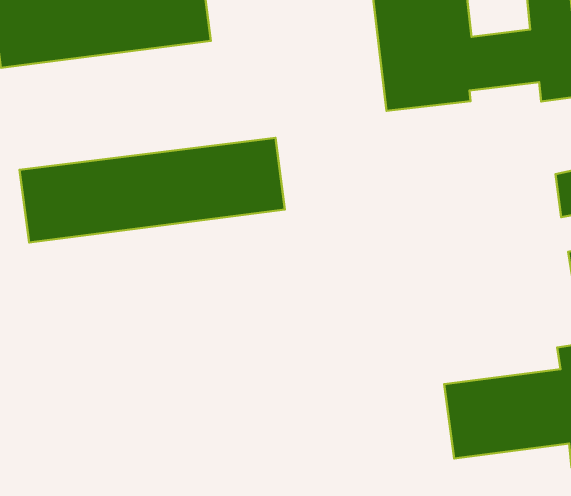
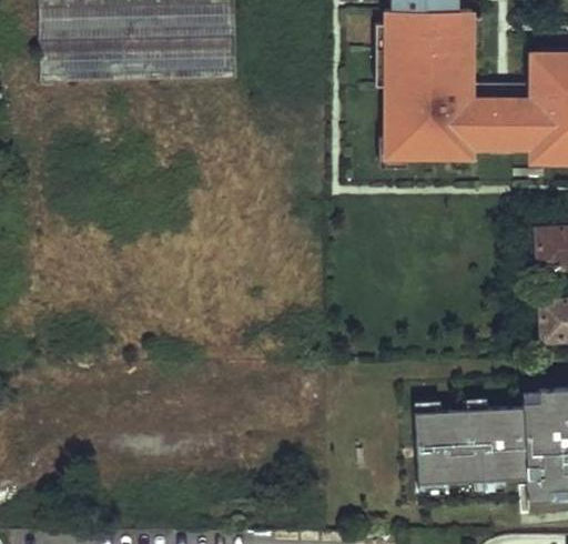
building: [19,138,285,242] -> none

